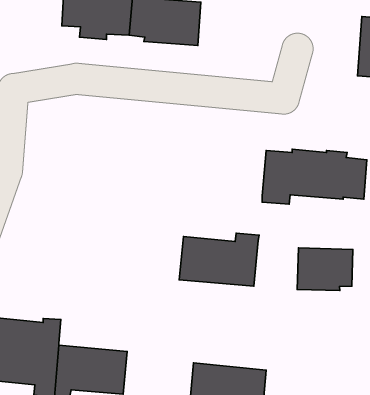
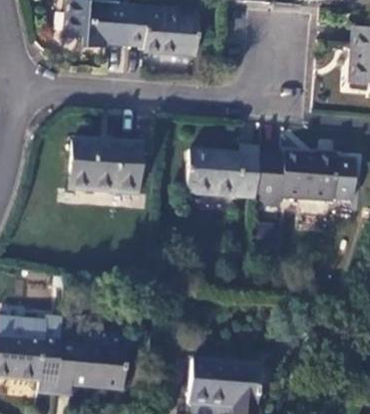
building: none -> [68,140,140,193]
building: [179,233,259,286] -> [184,147,262,198]
building: [297,248,353,291] -> none

